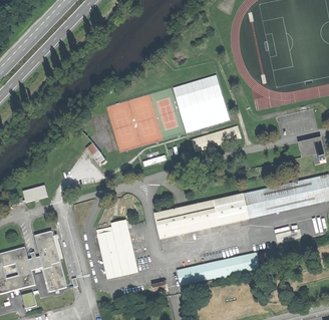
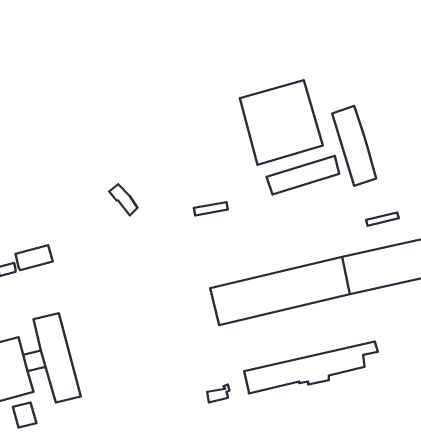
building: none -> [332,106,376,186]
building: [96,224,136,278] -> none

